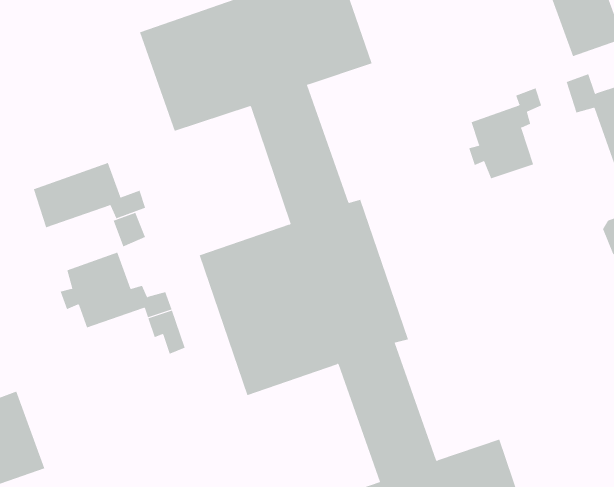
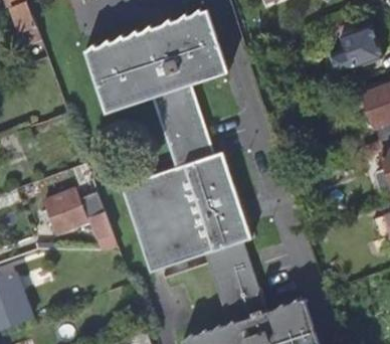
building: [468,88,542,179] -> none
building: [33,162,146,228] -> none

